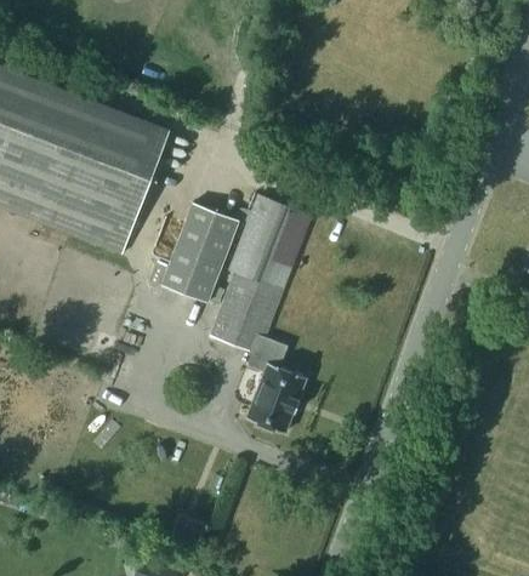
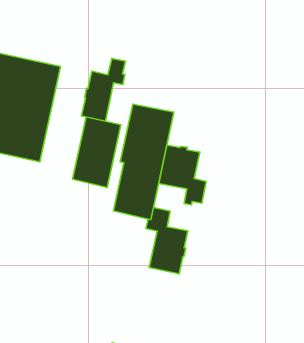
building: none -> [82,58,125,121]
building: none -> [159,145,206,205]

